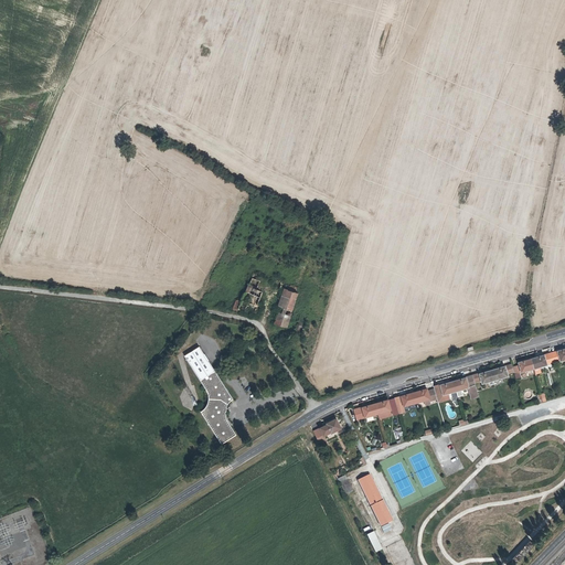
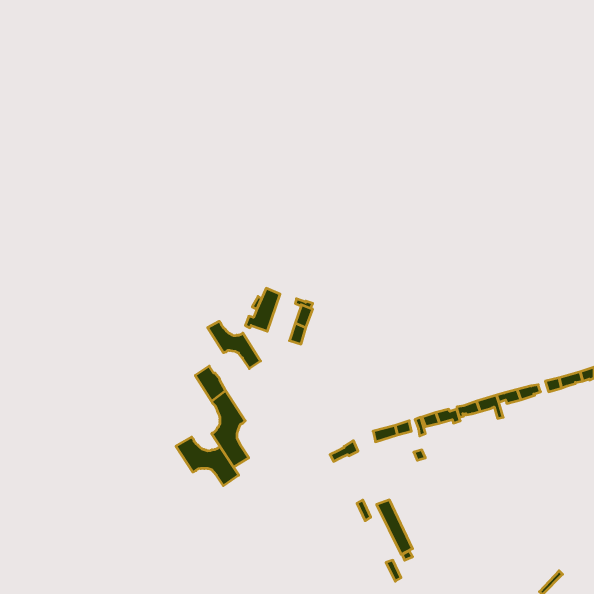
building: none -> [208,321,261,369]
building: none -> [176,437,239,486]

